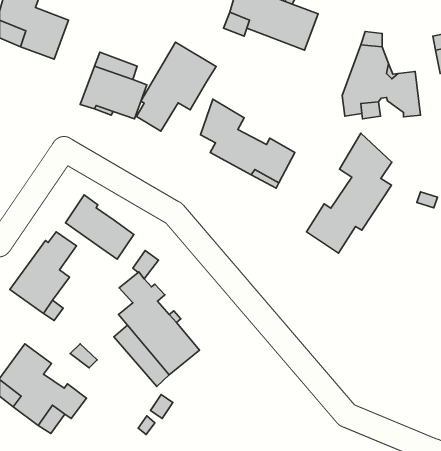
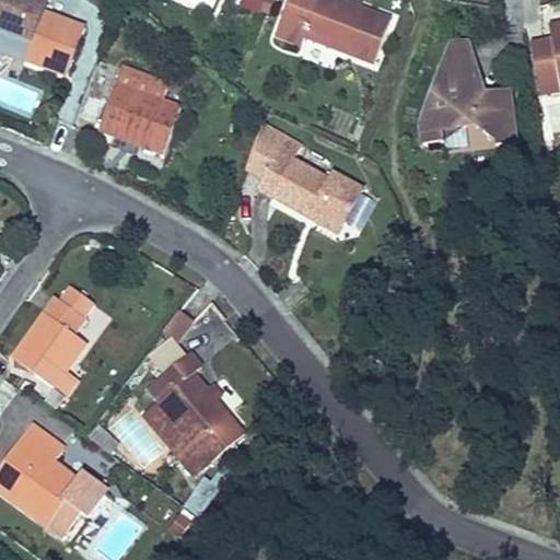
building: [137,42,216,131] -> none
building: [307,133,392,253] -> none
building: [65,195,134,259] -> none

